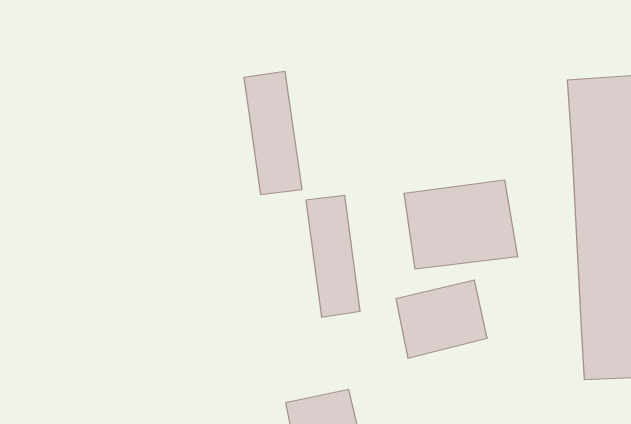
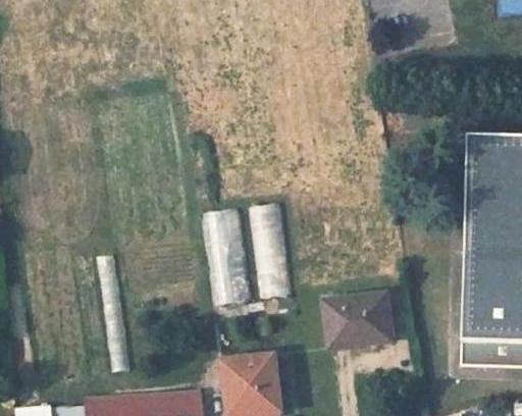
building: [244,71,302,194] -> [211,211,249,305]
building: [404,180,518,269] -> none

